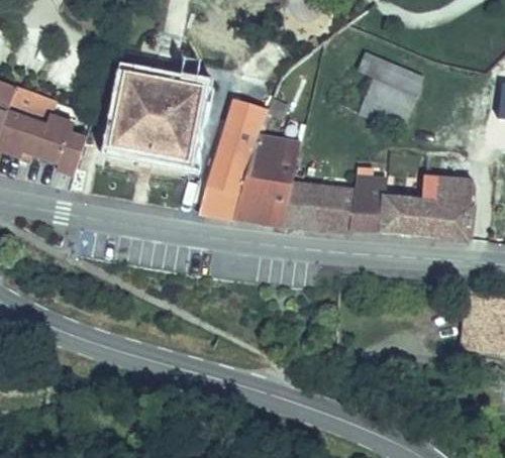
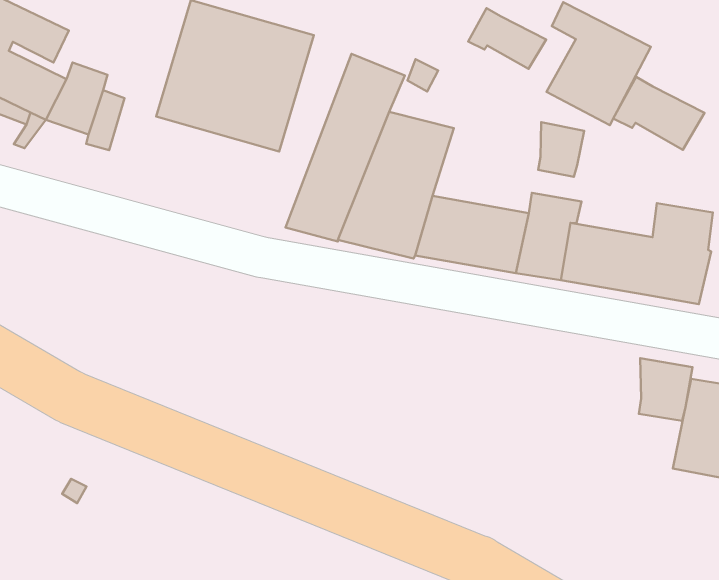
building: none -> [468,8,546,69]
building: none -> [613,77,705,150]
building: none -> [538,122,584,177]
building: none -> [639,358,693,421]

